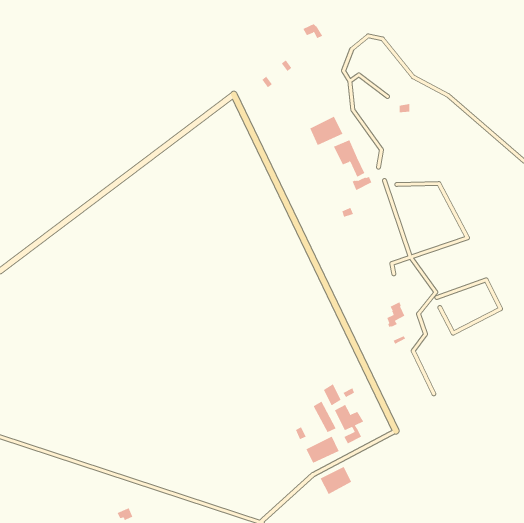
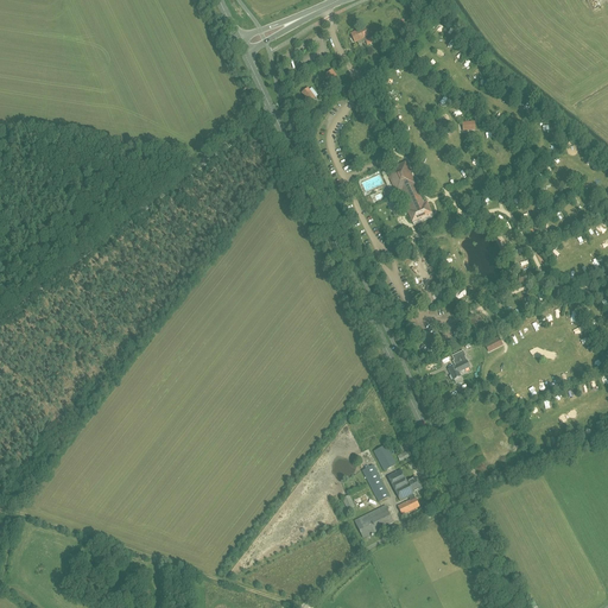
building: [309,116,343,146] -> none
building: [320,466,352,495] -> none

